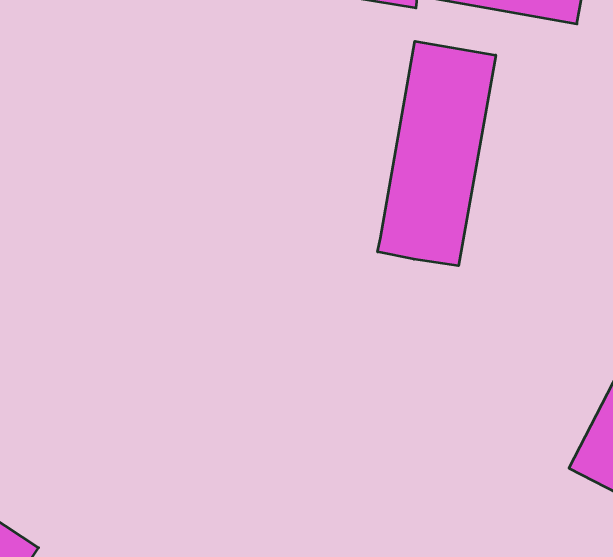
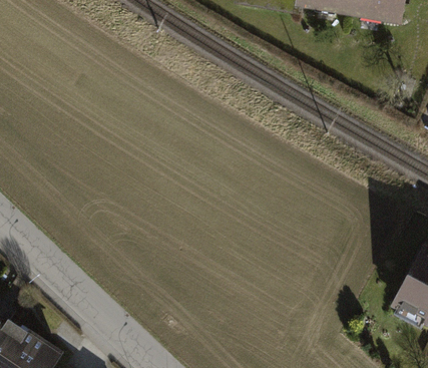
building: [378,41,496,266] -> none

